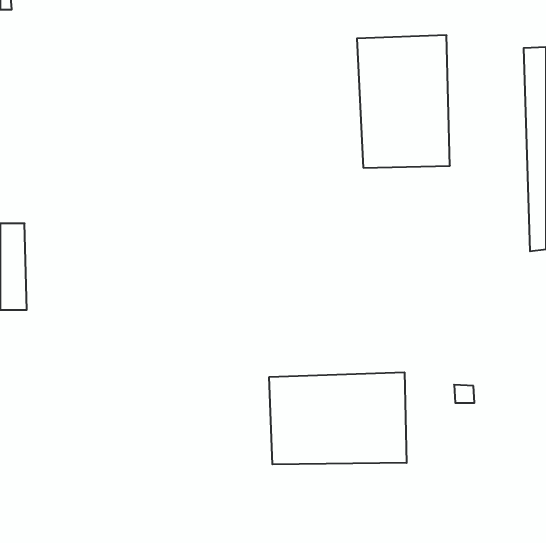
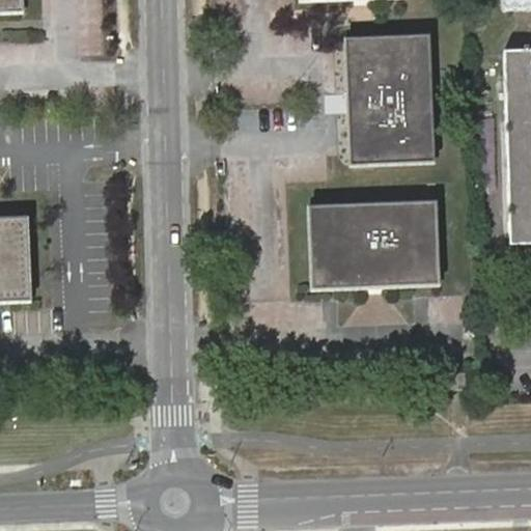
building: none -> [308,199,438,288]
building: [269,372,407,464] -> none

